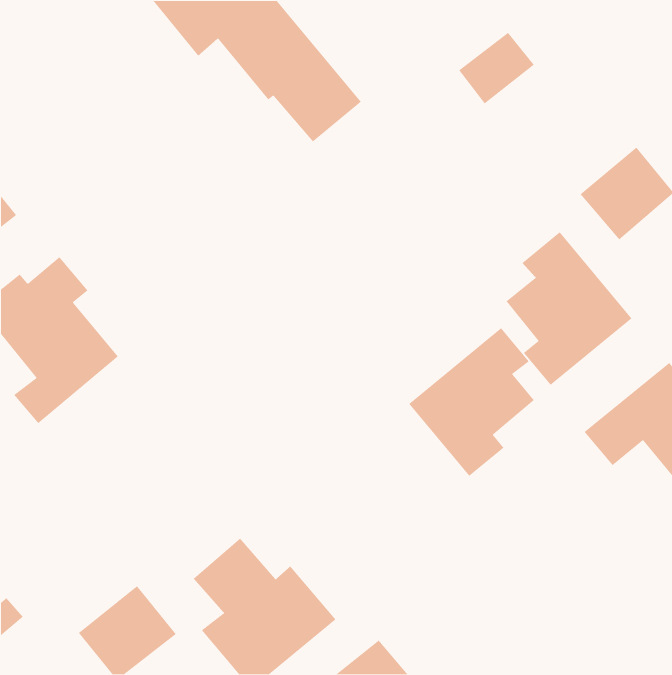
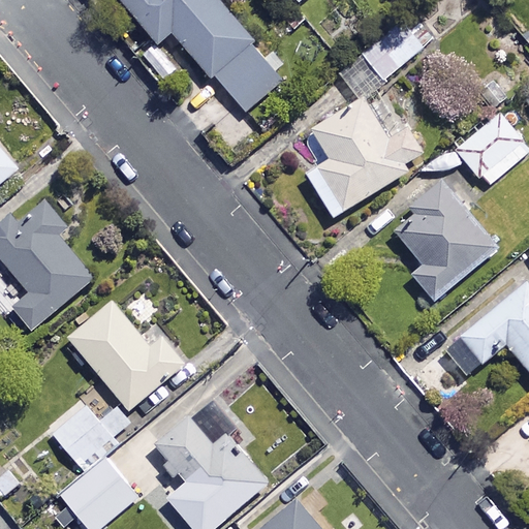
building: none -> [305,87,421,217]
building: [408,327,535,477] -> none
building: none -> [66,301,186,410]
building: none -> [52,404,129,470]

